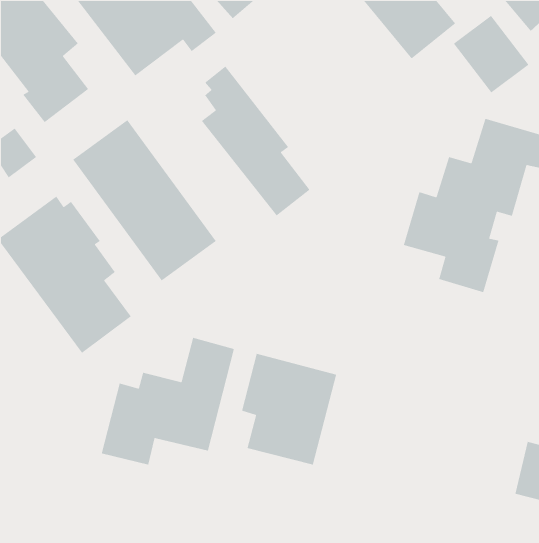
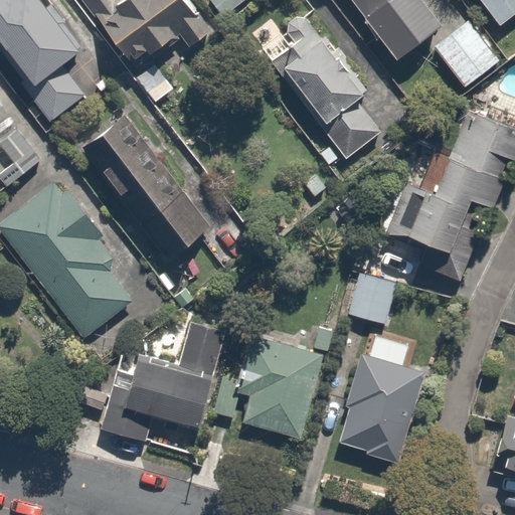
building: [201,65,310,216] -> [280,13,383,156]
building: none -> [347,268,398,321]
building: none -> [335,362,425,462]

